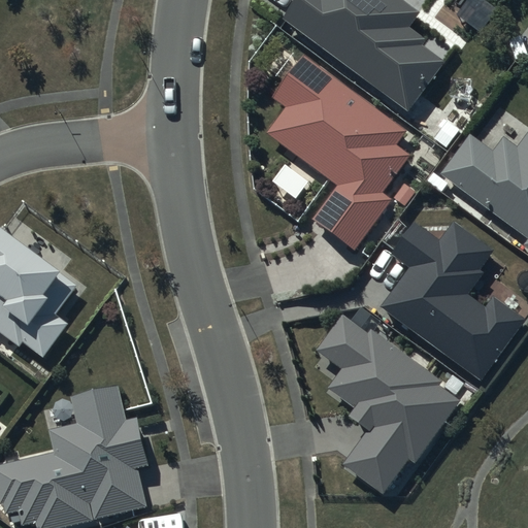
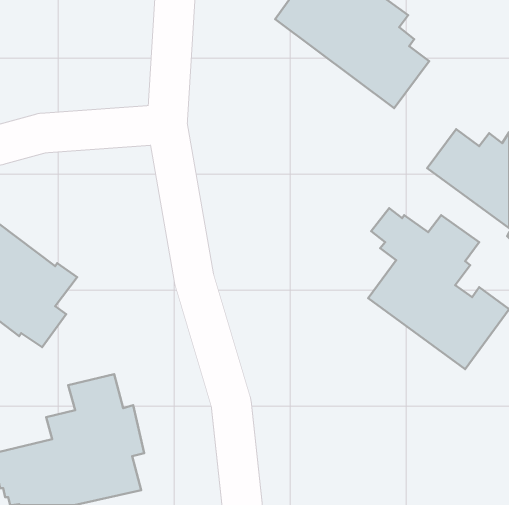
building: [268,56,410,250] -> none
building: [315,315,461,494] -> none

